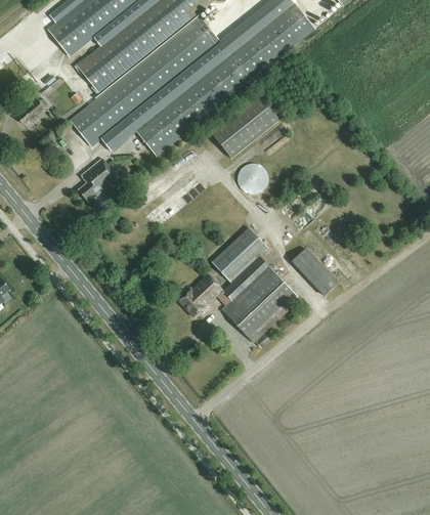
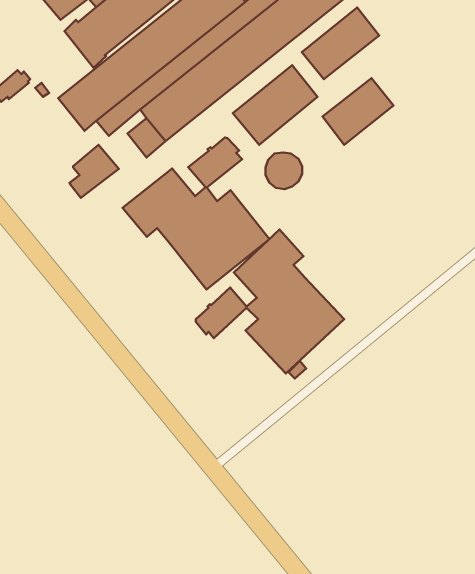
building: none -> [302,7,379,79]
building: none -> [322,78,393,145]
building: none -> [123,138,269,289]
building: [291,247,337,295] -> none

